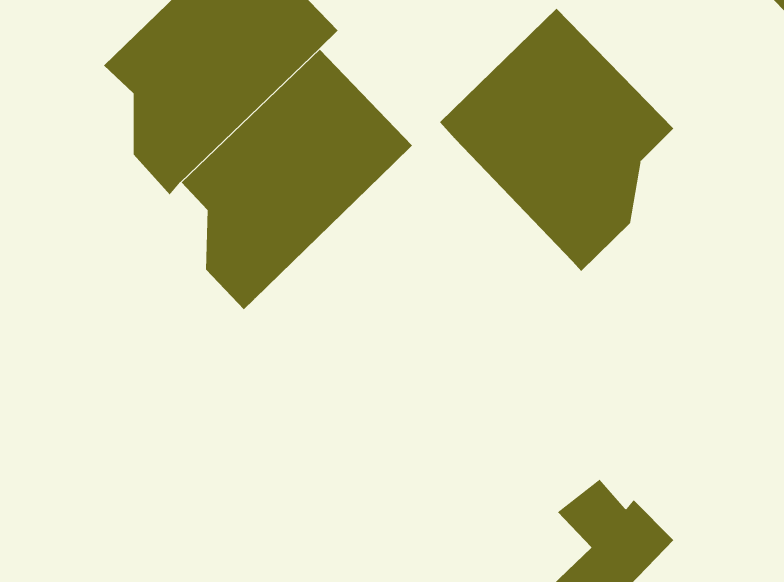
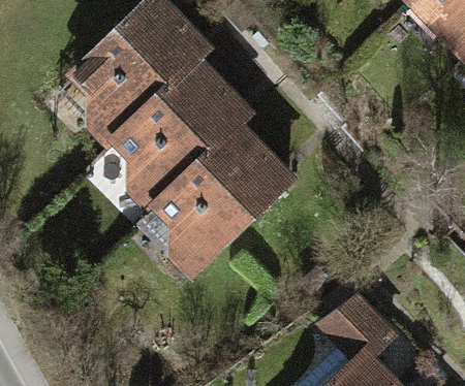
building: [439,8,674,272] -> none
building: none -> [159,126,289,274]

